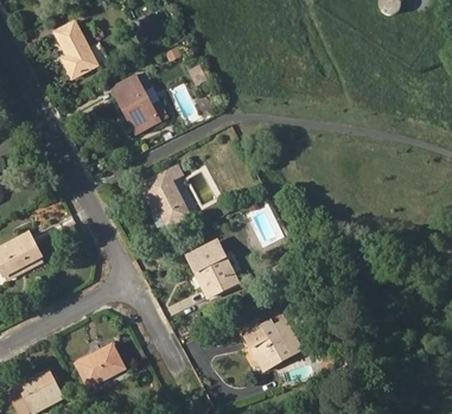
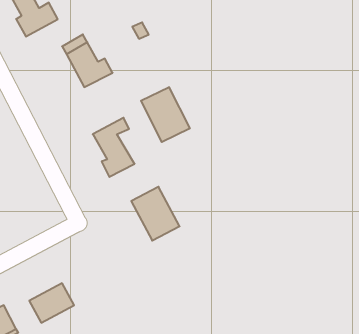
building: none -> [141,87,190,142]
building: [242,319,301,370] -> none

